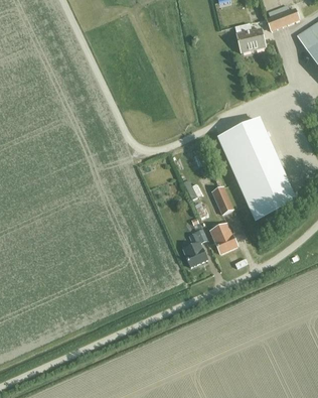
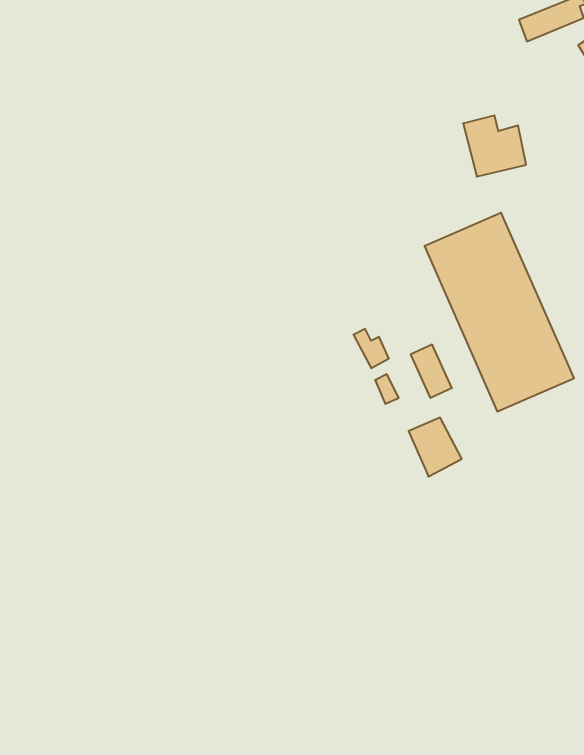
building: [233,22,266,53] -> [463,116,526,177]
building: [182,229,206,266] -> none

